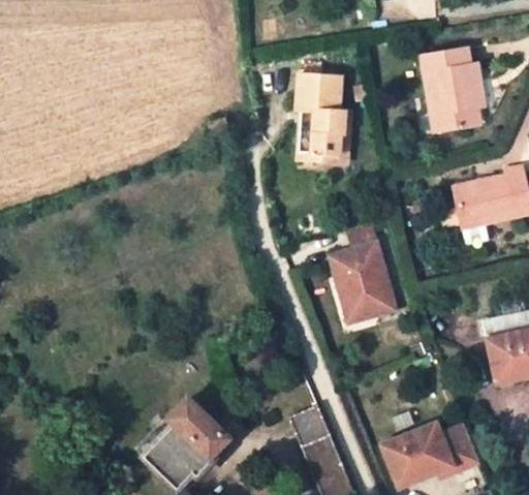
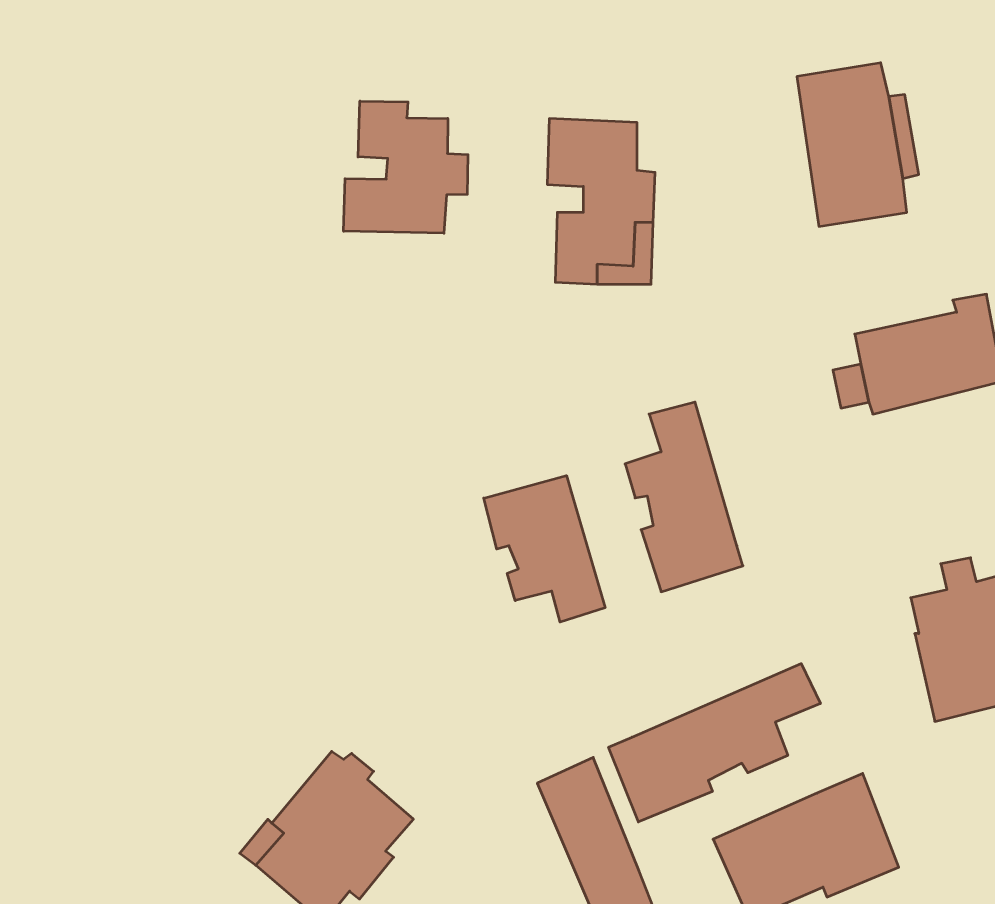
building: none -> [344,101,468,233]
building: none -> [484,476,605,622]
building: none -> [609,664,820,822]

